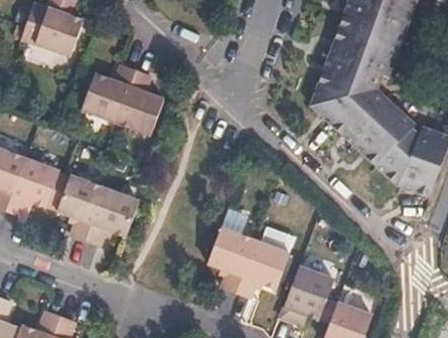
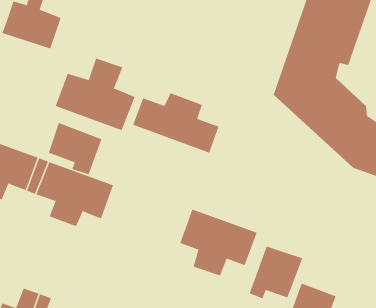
building: none -> [133,92,219,153]
building: none -> [48,122,102,175]

